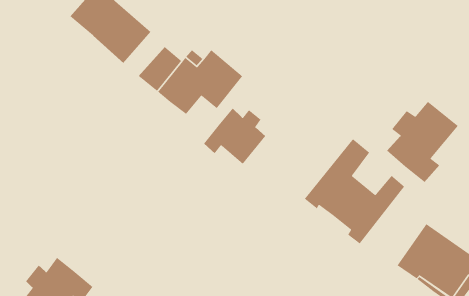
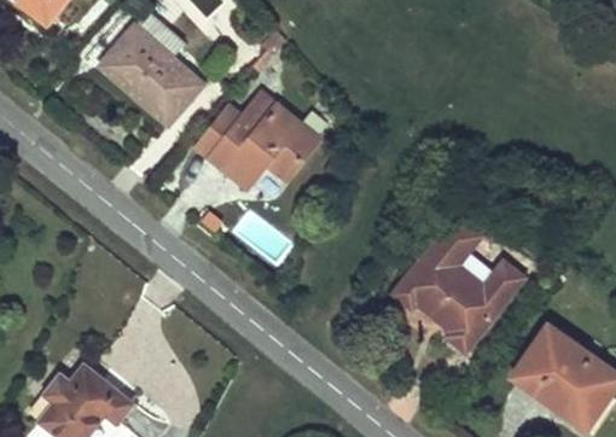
building: [386,101,459,183] -> none
building: [203,108,266,165] -> none

